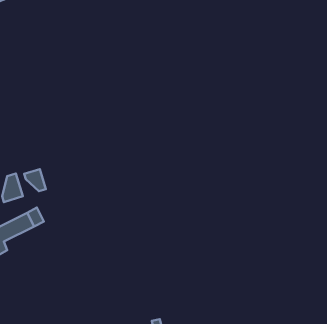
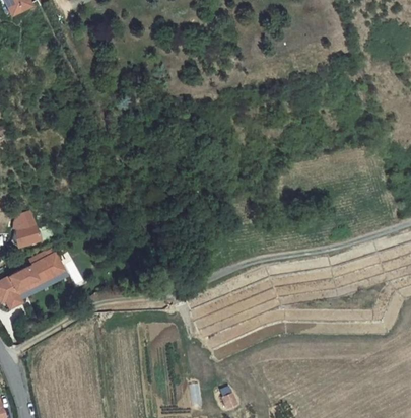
building: [24,169,46,191] -> none

